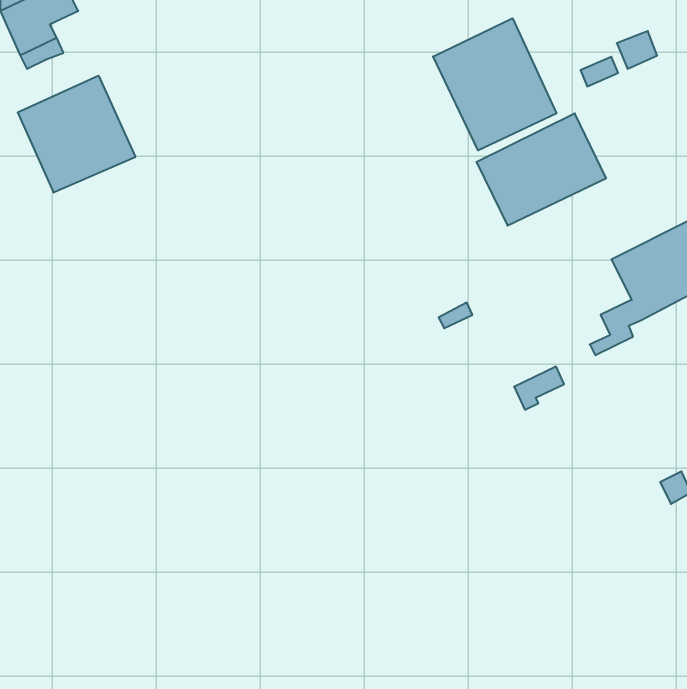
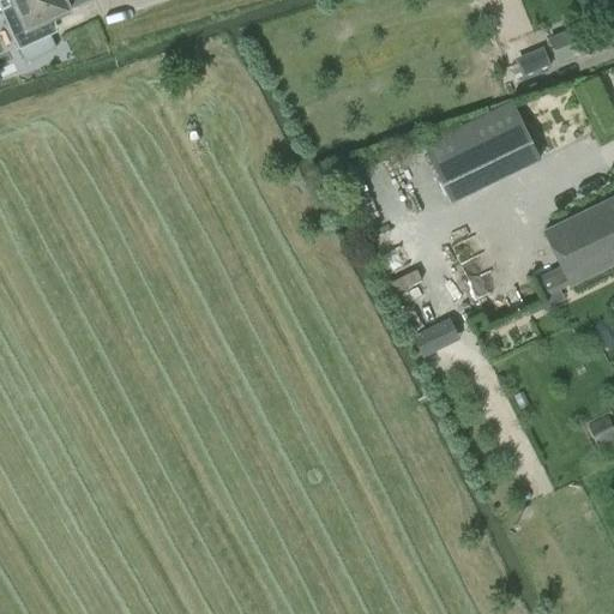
building: [433,18,556,150] -> none
building: [18,76,135,193] -> none
building: [514,367,564,410] -> [414,318,458,356]

